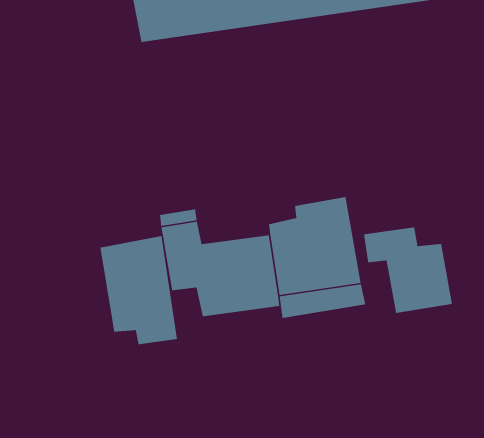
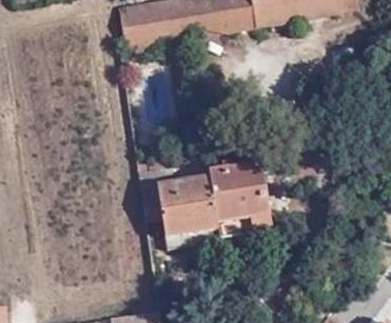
building: [363,226,453,314] -> none
building: [99,235,178,345] -> none

